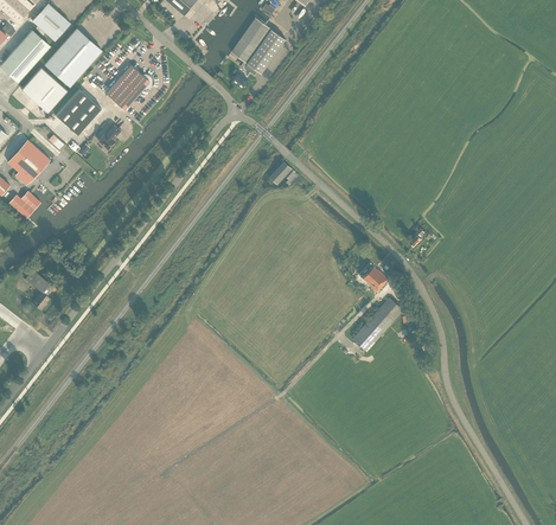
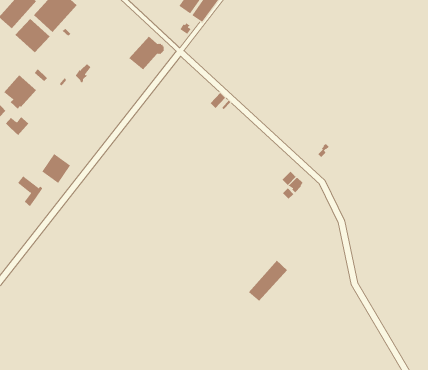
building: [104,65,151,109] -> [128,36,165,70]
building: [55,89,100,135] -> none
building: none -> [41,153,71,184]
building: [351,297,402,351] -> [248,260,288,302]

